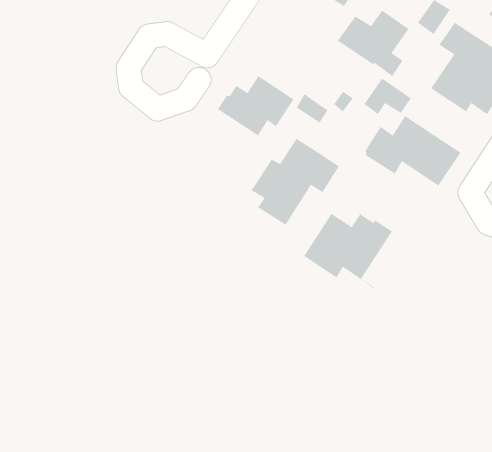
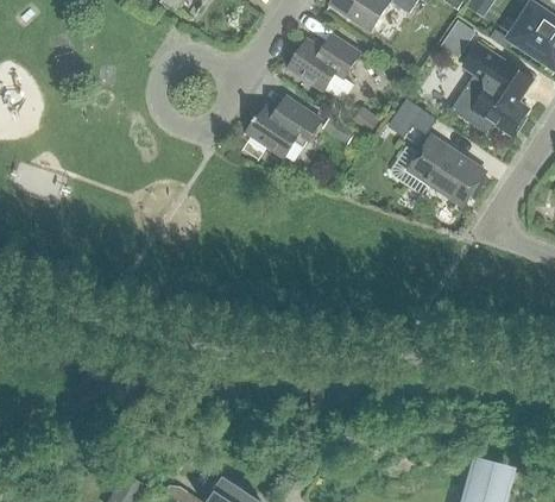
building: [337,9,410,77] -> [288,33,359,100]
building: [251,138,340,226] -> none
building: [303,213,407,289] -> none

